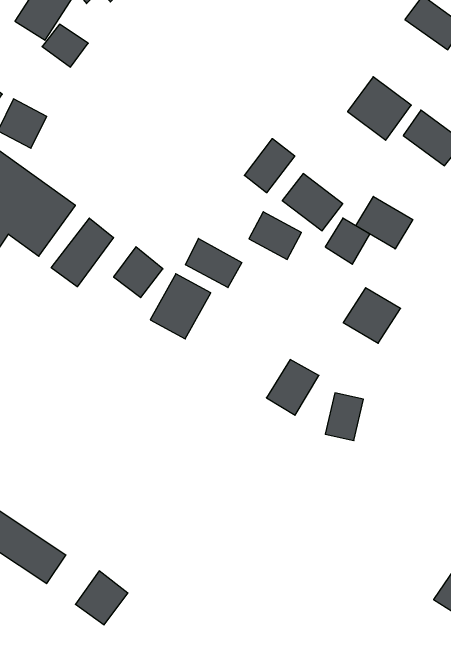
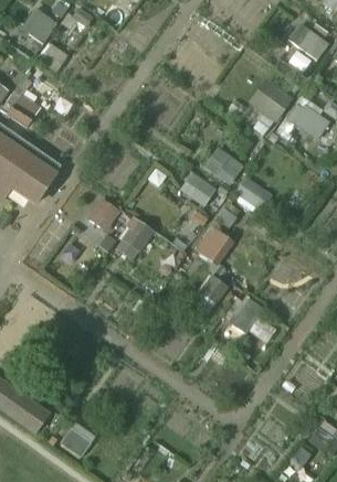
building: [244,139,295,193] -> none
building: [356,196,413,249] -> none
building: [51,218,114,287] -> none
building: [186,238,242,288] -> none
building: [343,288,401,343] -> [194,226,234,265]

